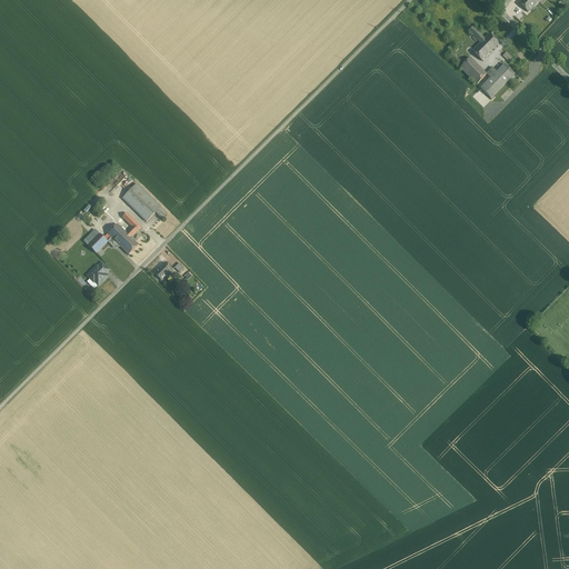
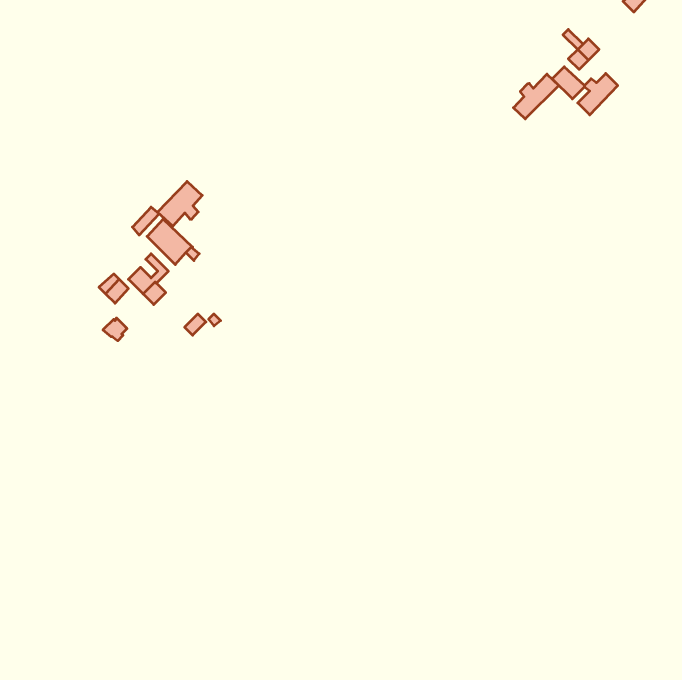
building: none -> [513,74,559,119]
building: none -> [157,181,202,226]

